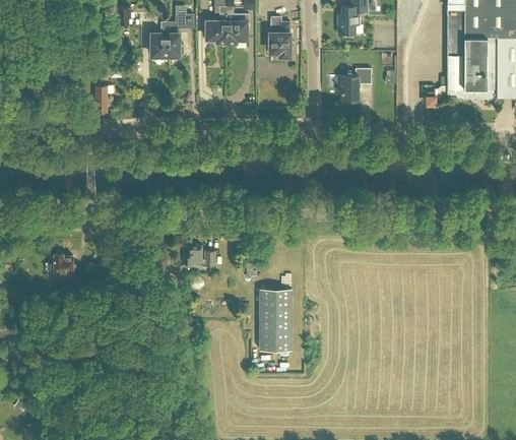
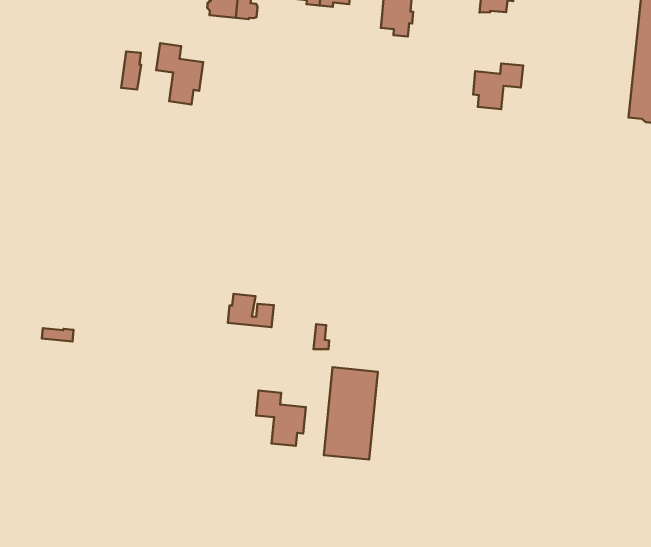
building: none -> [156,43,203,104]
building: [51,254,73,275] -> none
building: none -> [256,391,306,446]

